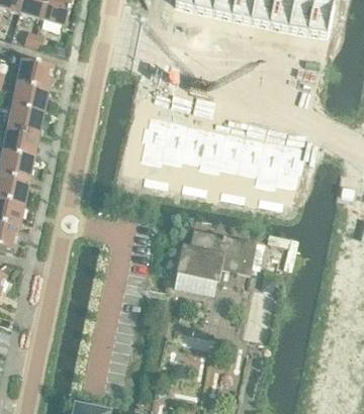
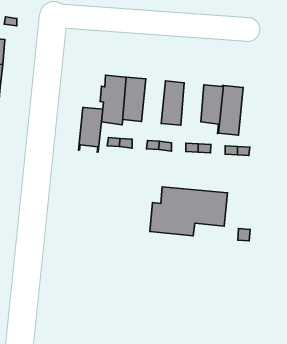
building: [178,121,206,167] -> [79,107,103,152]
building: [216,129,244,171] -> none
building: [272,140,302,187] -> none

